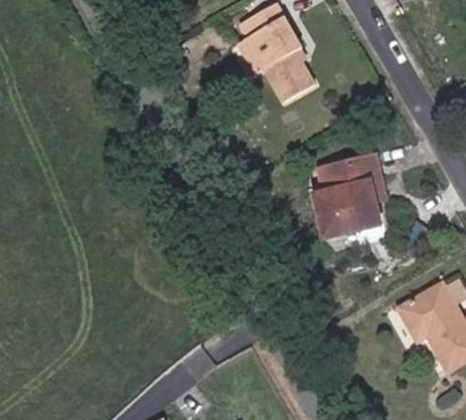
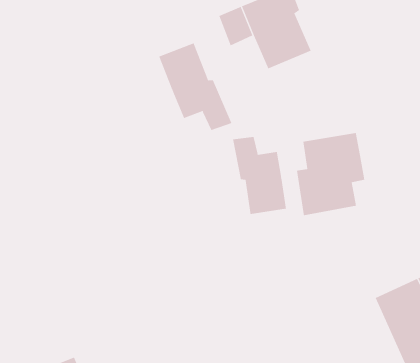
building: none -> [159,43,232,131]
building: none -> [233,136,287,215]

